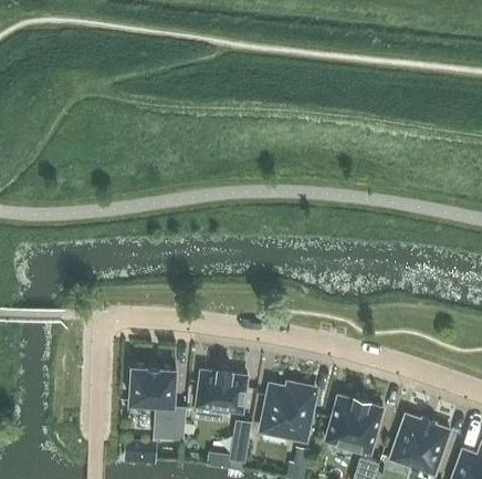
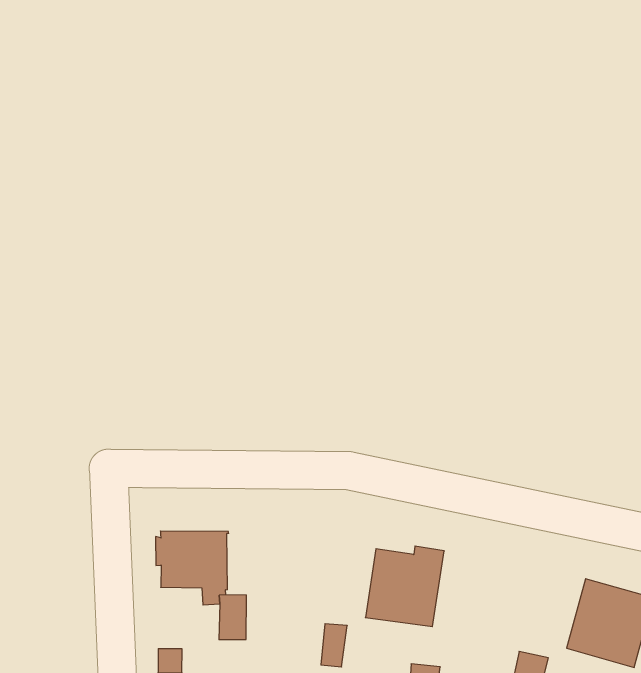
building: [196,368,247,412] -> none
building: [325,395,383,451] -> none

